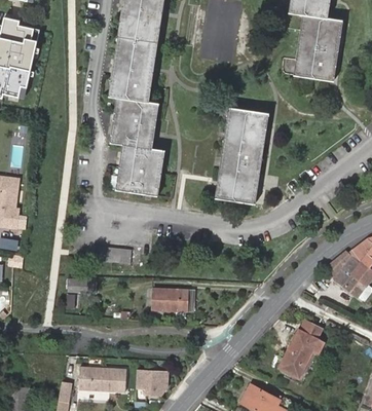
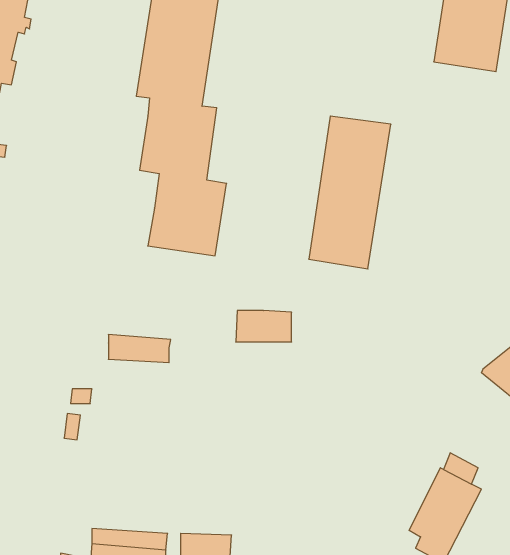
building: [150,291,185,310] -> [236,311,292,342]

